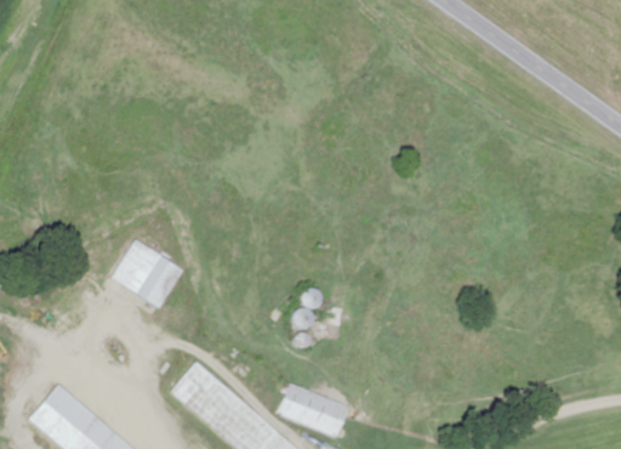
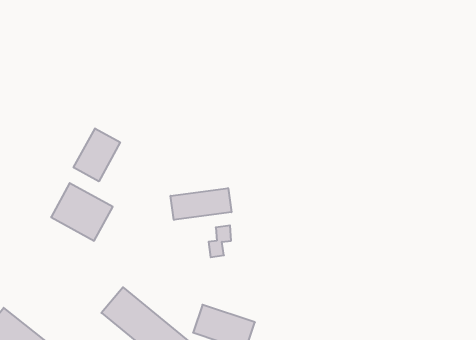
building: none -> [74,128,120,181]
building: none -> [171,188,231,220]

